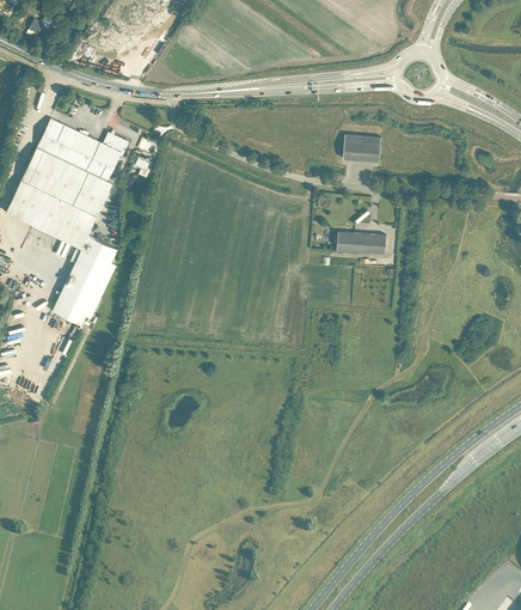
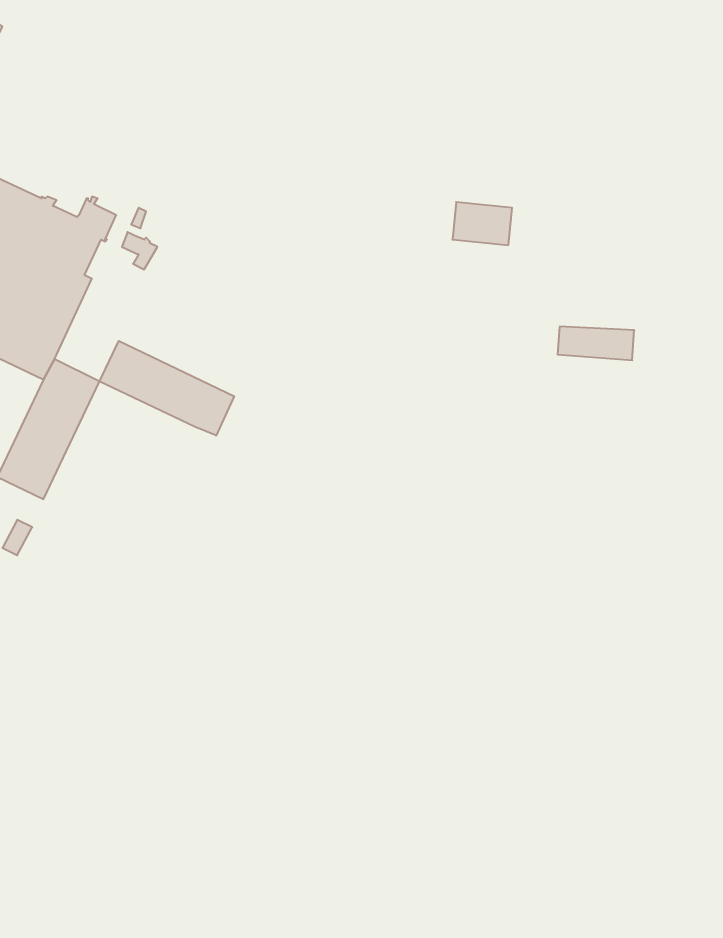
building: none -> [99,341,234,436]
building: [337,233,386,255] -> [558,327,634,360]

